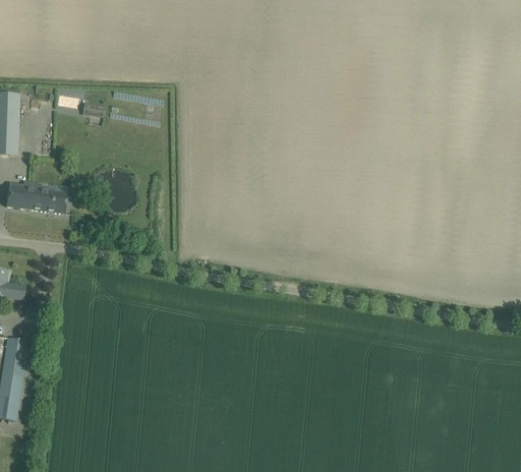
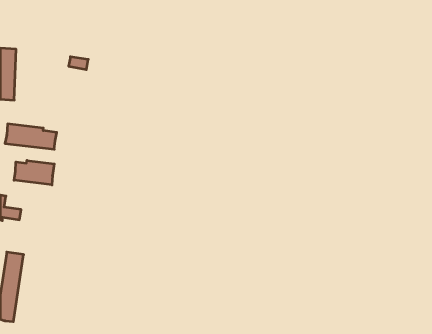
building: none -> [14,160,54,185]

